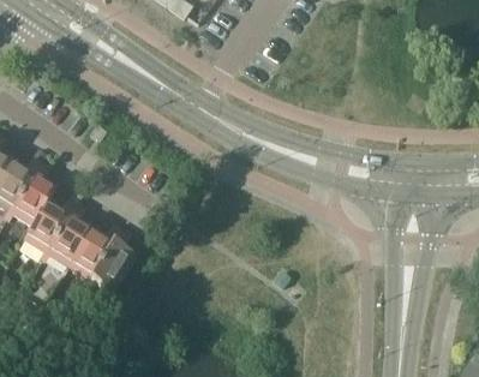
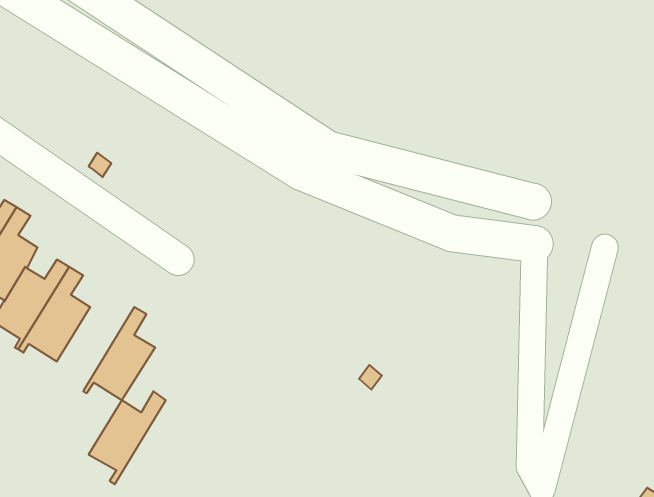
building: [70,221,122,285] -> [89,391,166,484]

